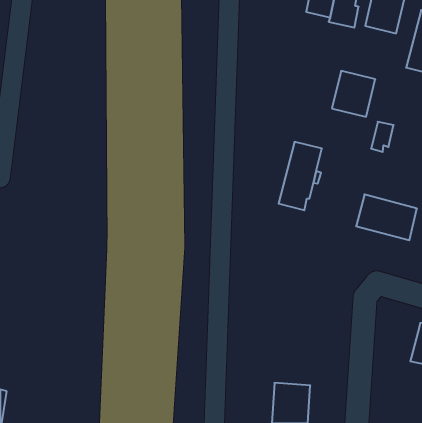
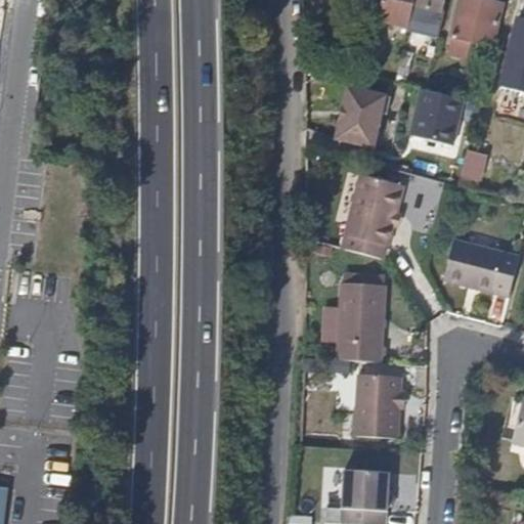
building: none -> [335,84,387,147]
building: none -> [335,281,384,362]
building: none -> [353,374,399,438]

